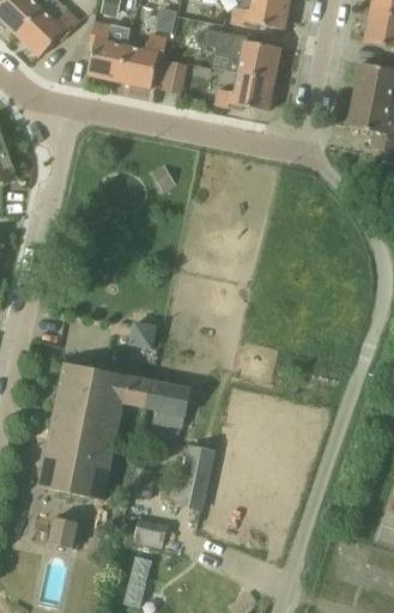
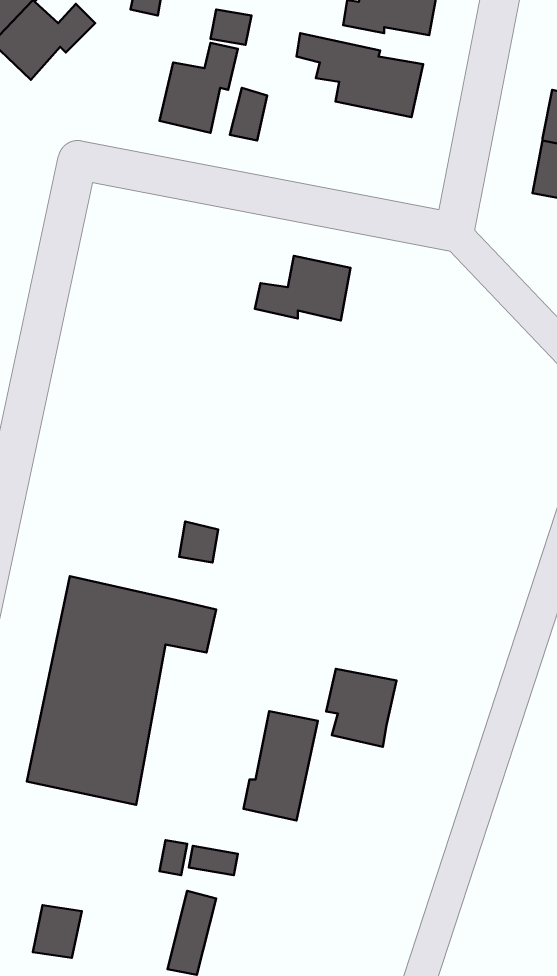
building: [87,22,127,81] -> none
building: [214,72,273,111] -> [255,256,350,320]
building: [147,381,190,429] -> [326,669,396,747]
building: [48,515,78,547] -> [33,905,82,958]

